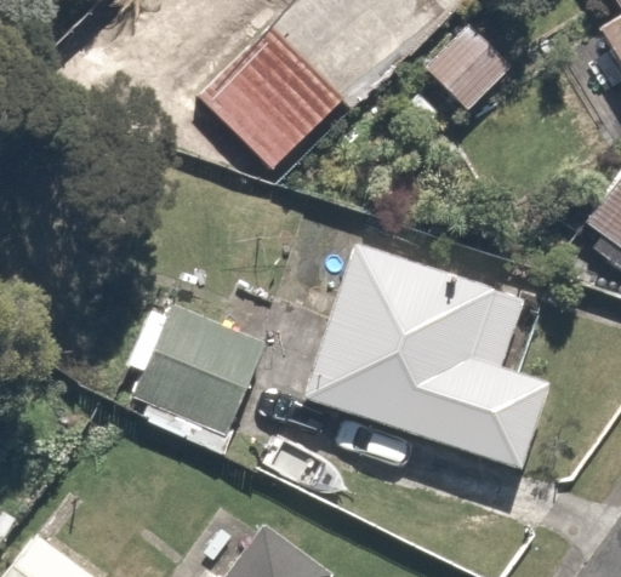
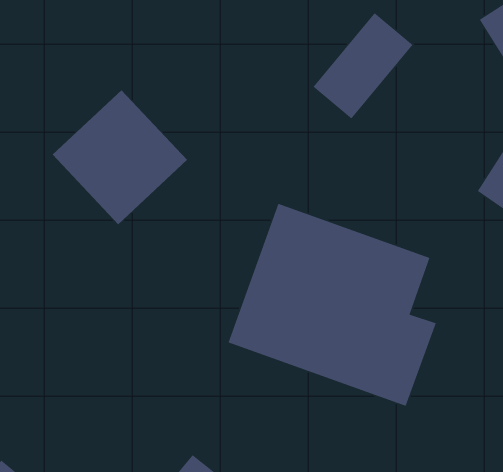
building: [198,27,354,183] -> [52,89,188,225]
building: [135,296,284,440] -> none

